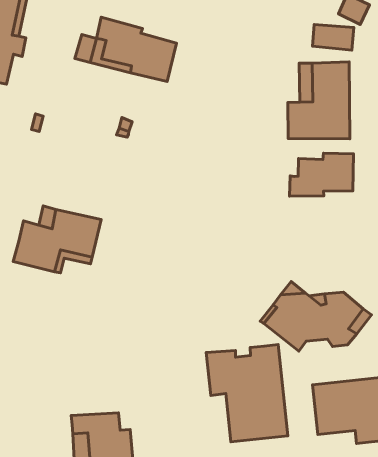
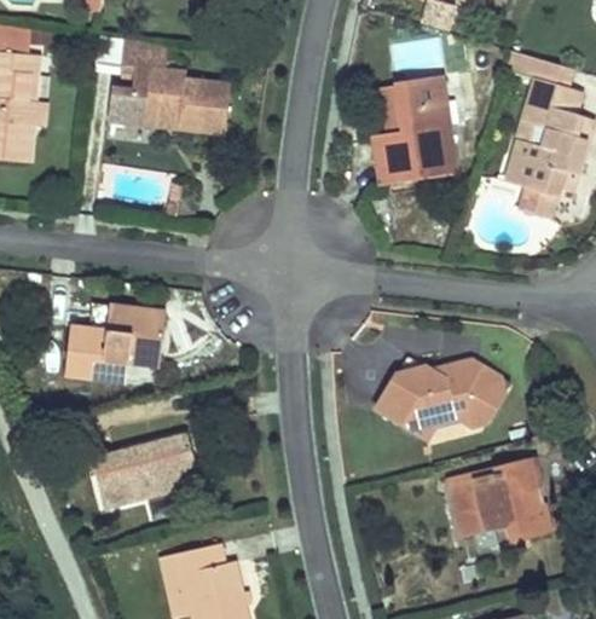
building: [290,153,354,196] -> none
building: none -> [89,432,197,507]
building: [206,345,288,442] -> none

